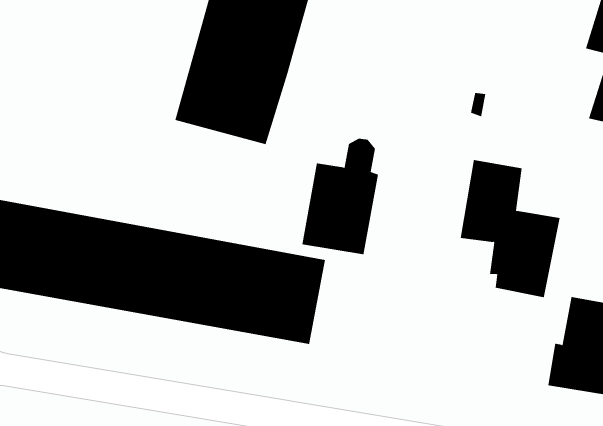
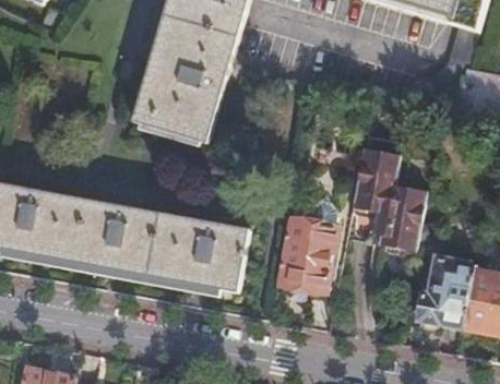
building: [302,138,379,255] -> [276,203,334,290]

